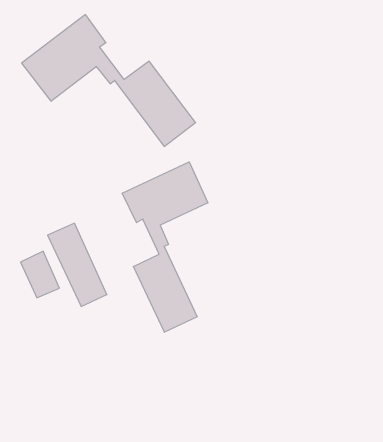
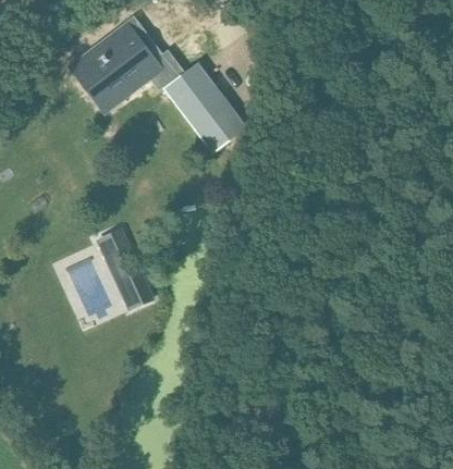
building: [122,162,208,332] -> none

